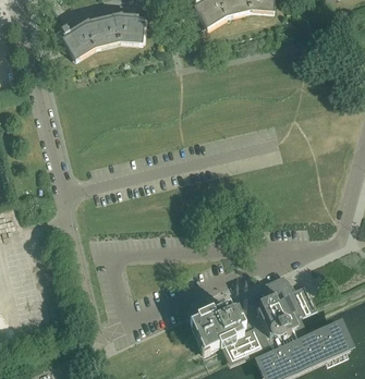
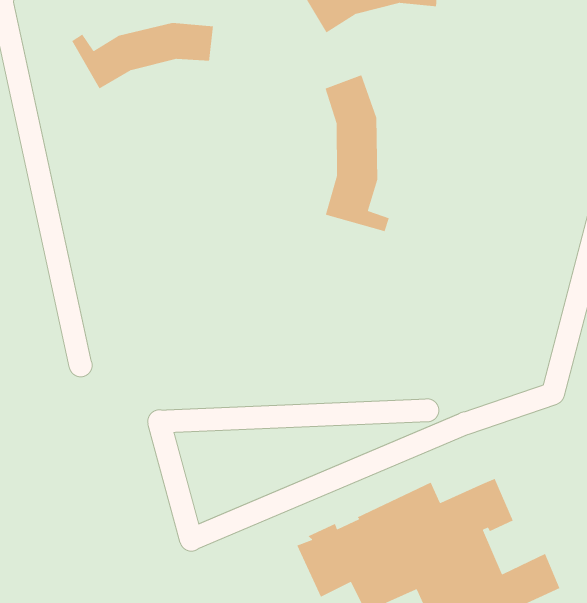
building: none -> [324,74,390,232]

